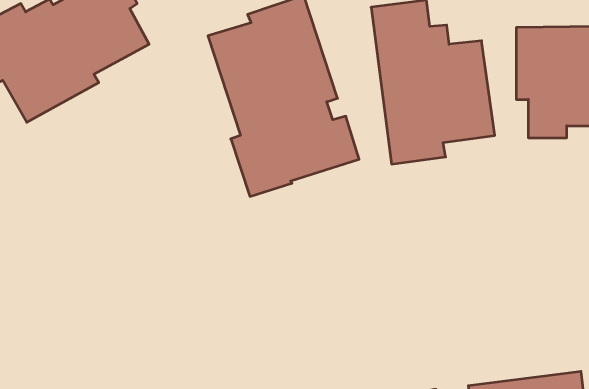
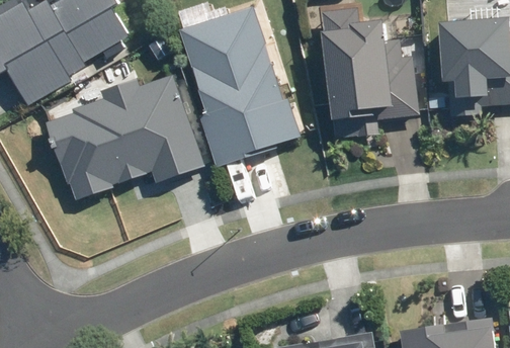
building: none -> [41,77,203,202]

